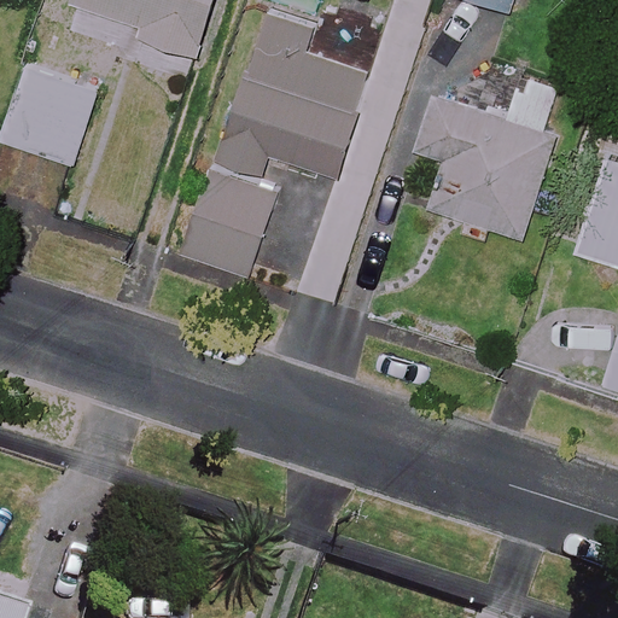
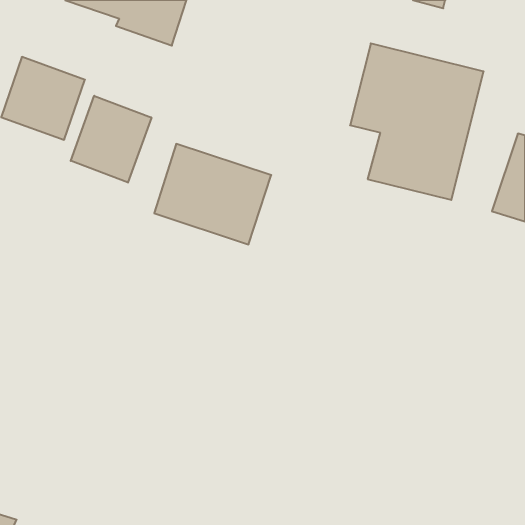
building: [218,16,374,177] -> none
building: none -> [71,96,151,183]

